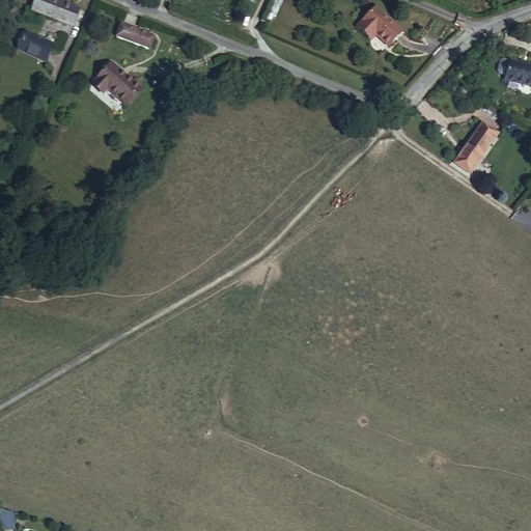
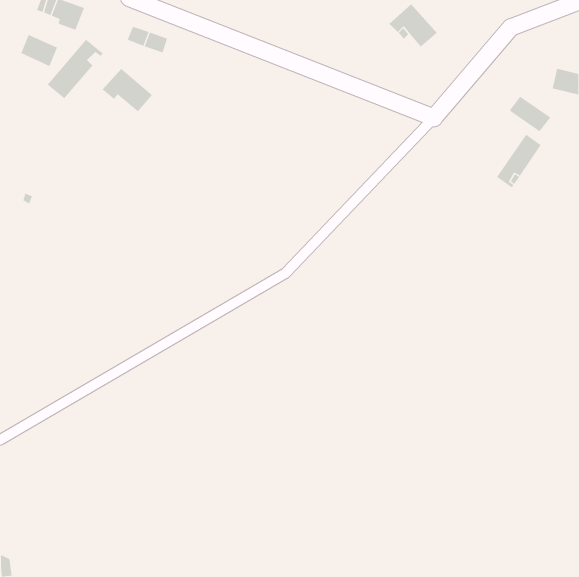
building: none -> [47,39,104,99]
building: none -> [509,96,551,132]

